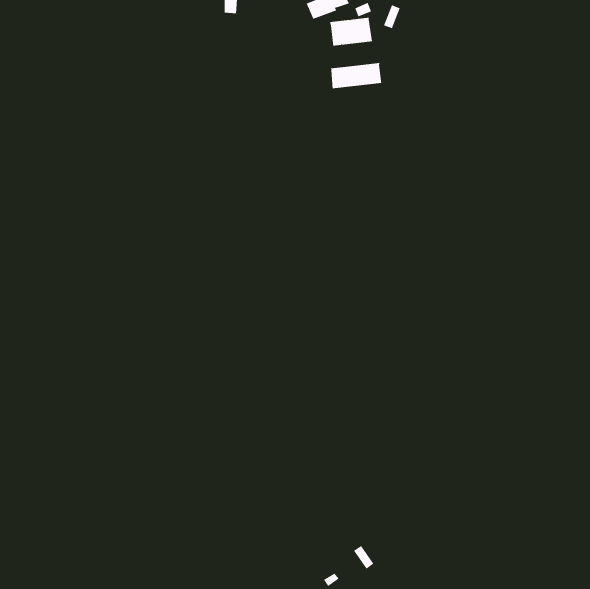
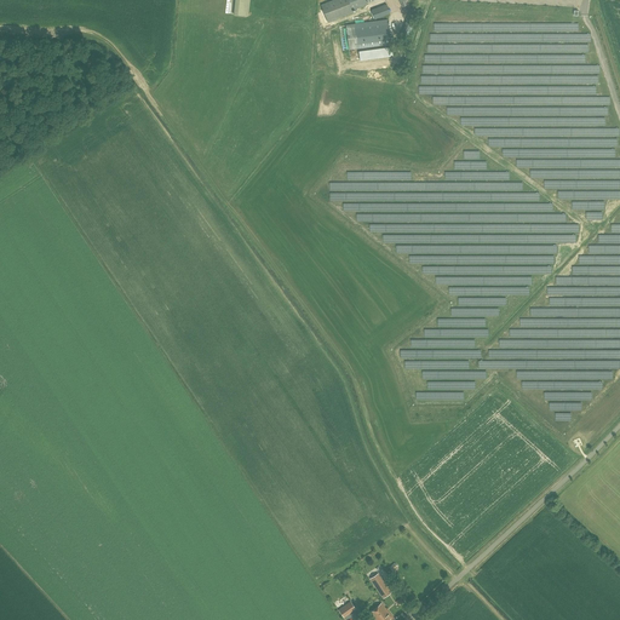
building: [330,62,382,89] -> none

